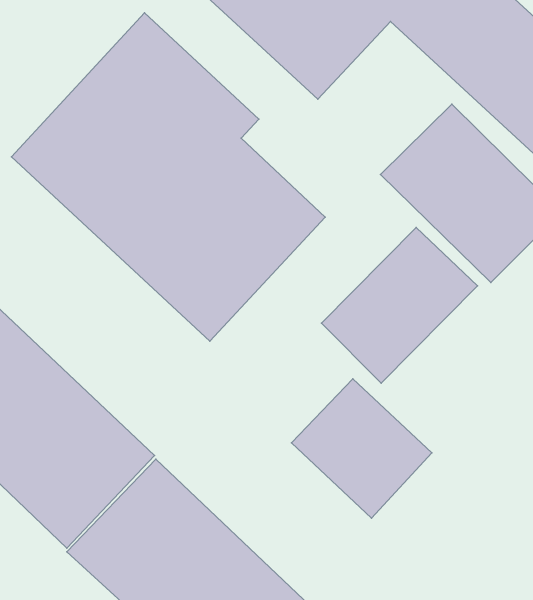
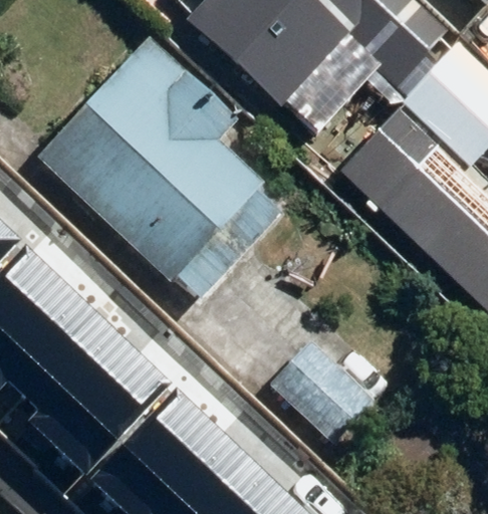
building: [322,227,477,383] -> none

